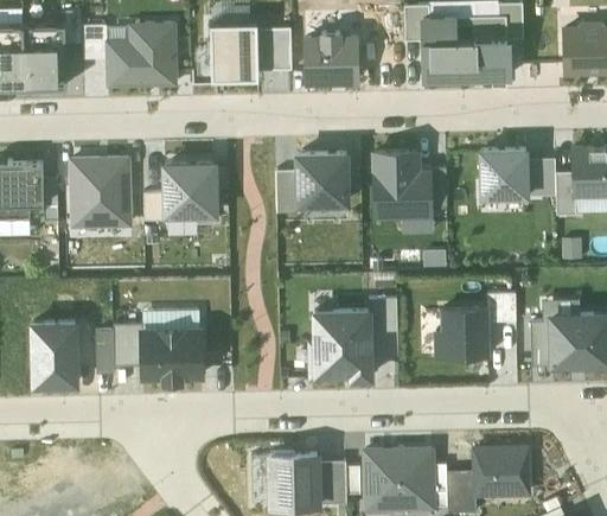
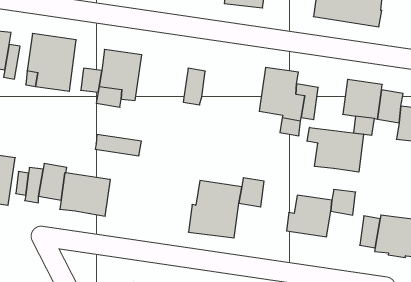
building: [298,155,347,205] -> none
building: none -> [307,127,364,172]
building: [141,311,199,331] -> [95,135,141,156]

